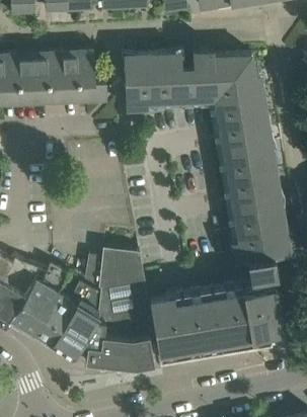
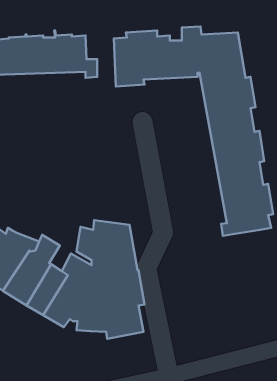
building: [151,259,283,361] -> none

